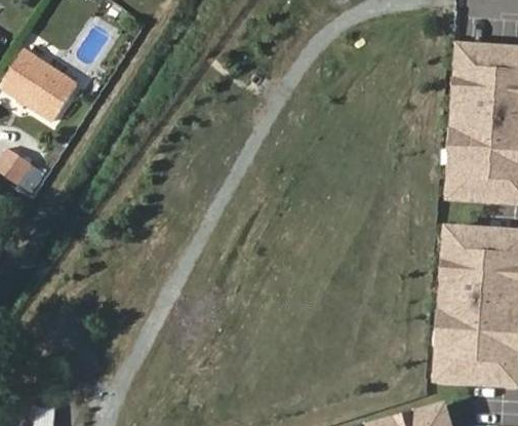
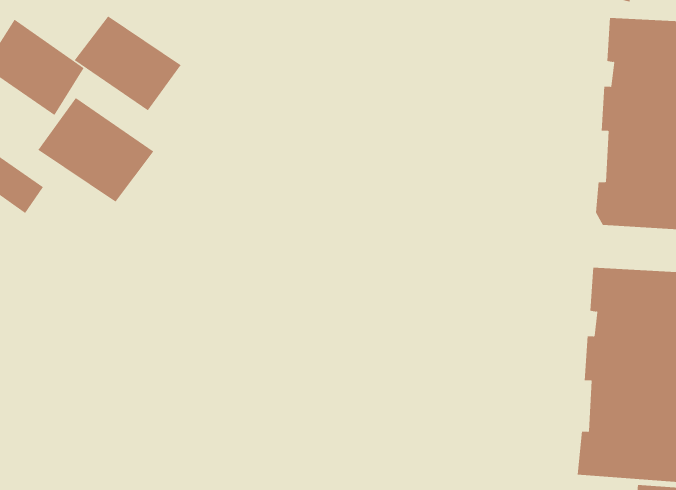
building: none -> [74,16,181,111]
building: none -> [37,97,154,203]

